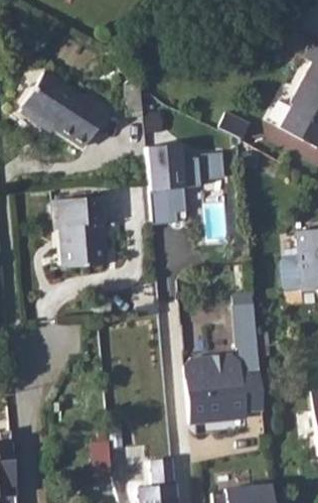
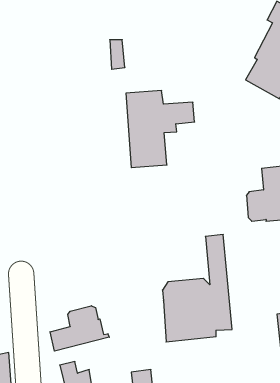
building: [17,72,108,146] -> none
building: [52,197,108,268] -> none
building: none -> [50,306,109,351]

